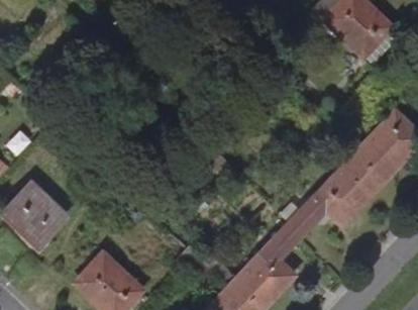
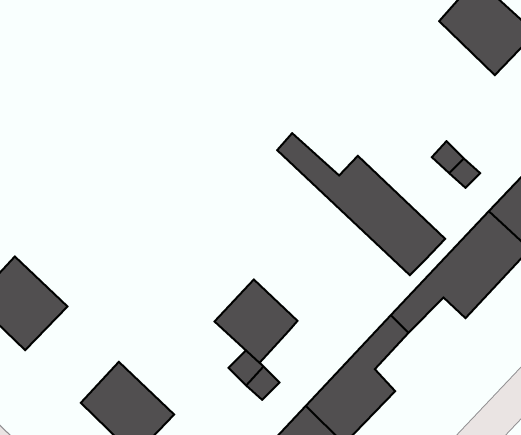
building: none -> [277,133,445,275]
building: none -> [215,280,297,363]

